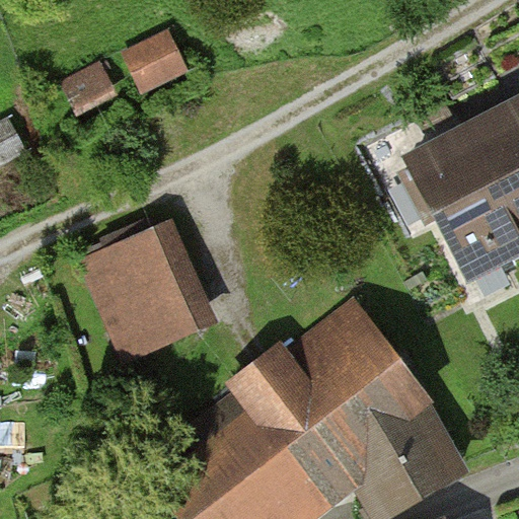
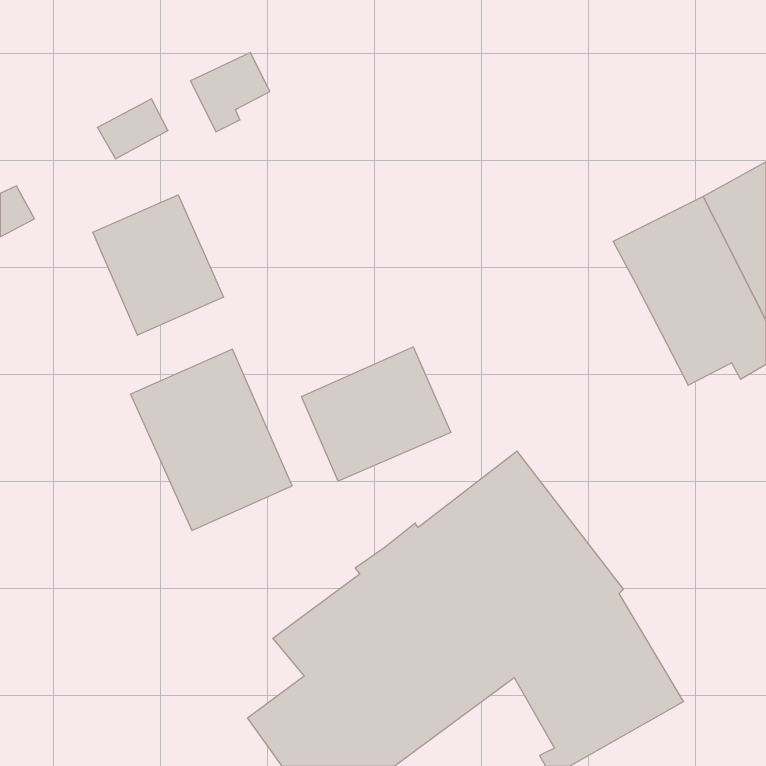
building: none -> [93,195,223,335]
building: none -> [302,347,451,481]

